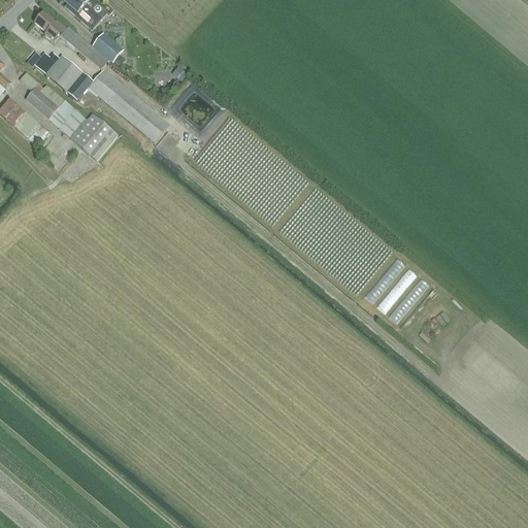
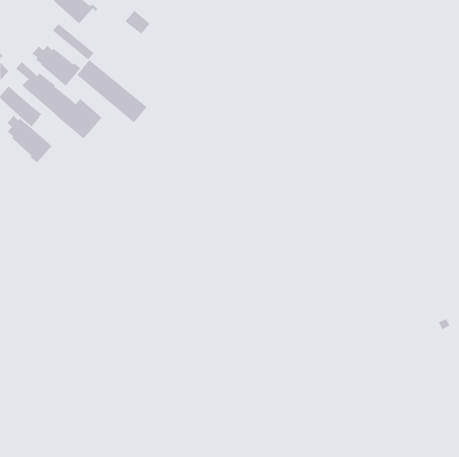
building: [34,11,64,41] -> none
building: [92,33,122,61] -> [124,10,151,35]
building: none -> [7,115,52,163]

